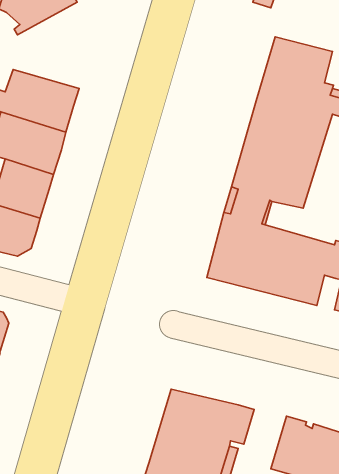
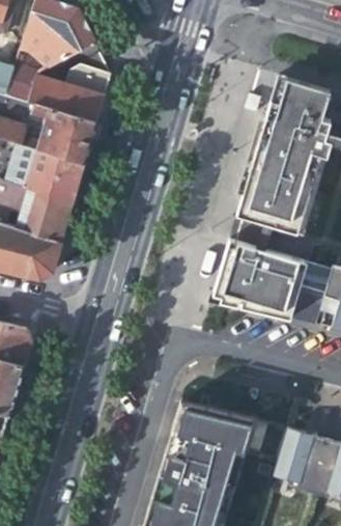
building: none -> [29,66,111,123]

